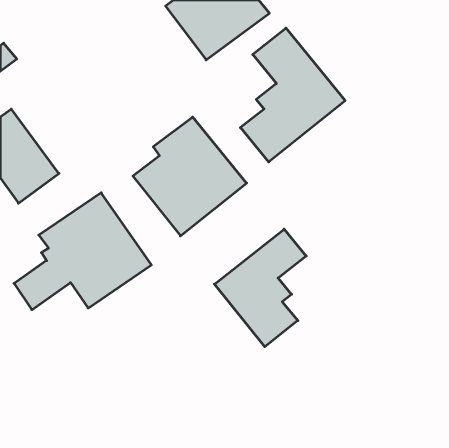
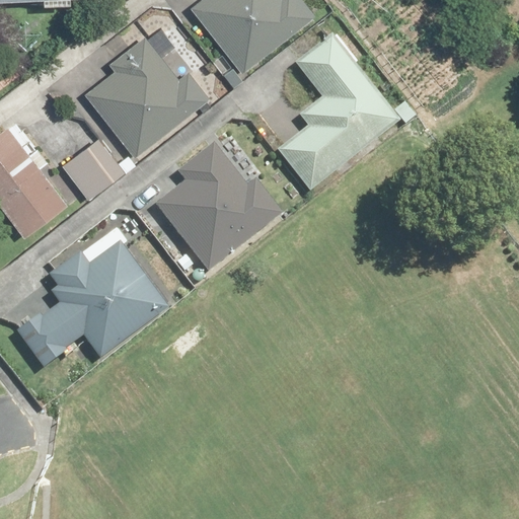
building: none -> [84,35,208,157]
building: none -> [61,135,125,198]
building: [214,229,306,347] -> none

